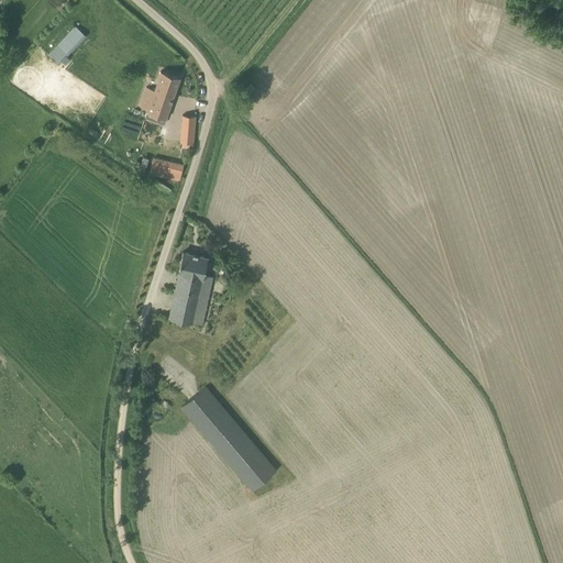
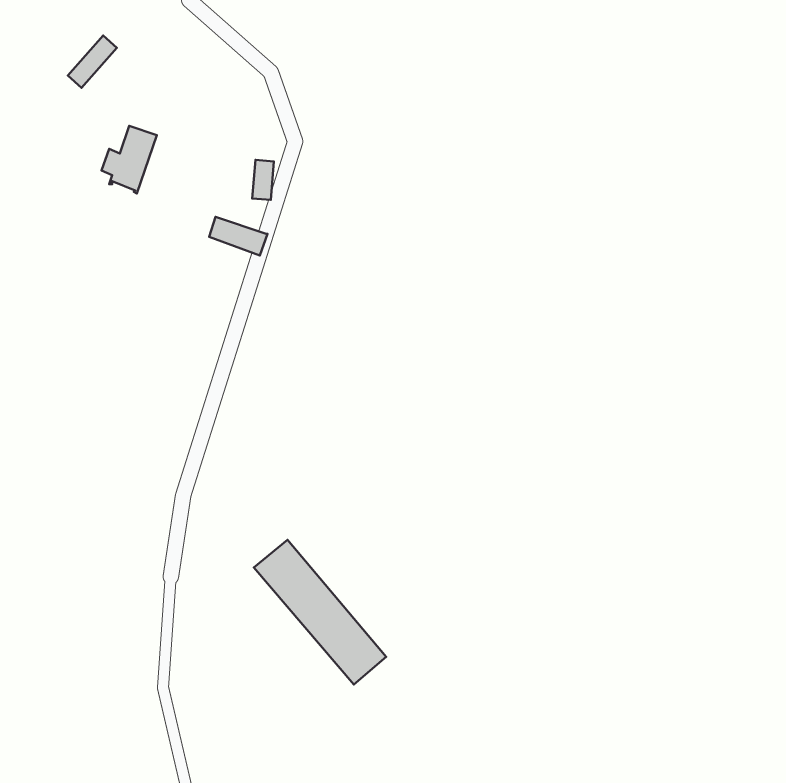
building: [141,73,180,121] -> [101,126,157,193]
building: [168,253,212,327] -> none

